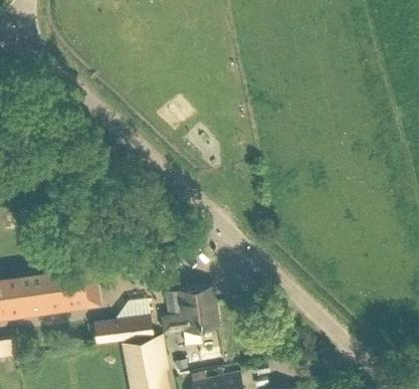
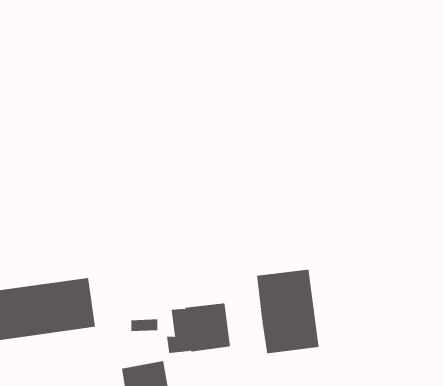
building: none -> [257,269,319,354]
building: [93,315,154,343] -> none

